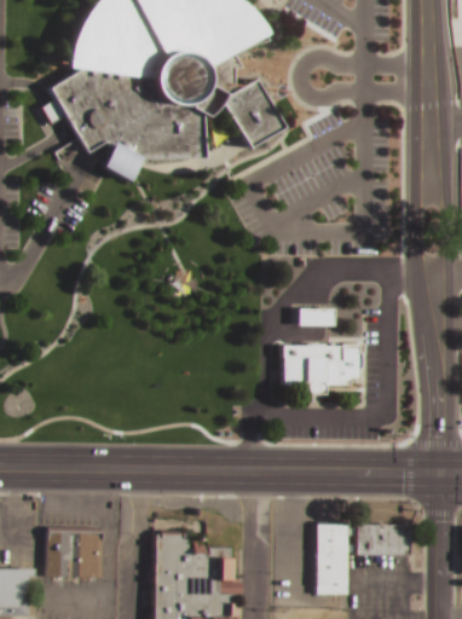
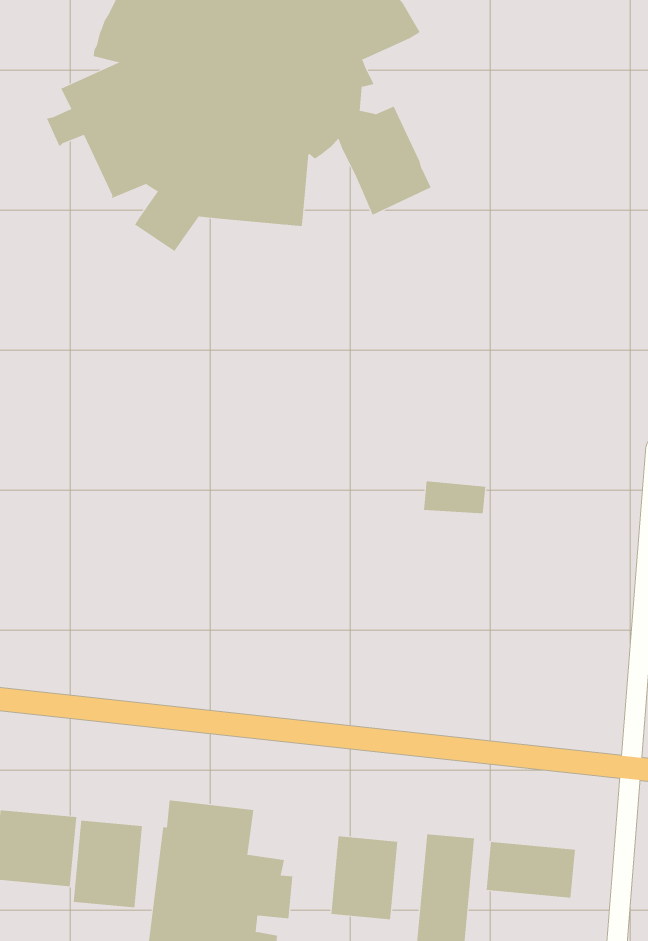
building: [281,345,362,395] -> none
building: none -> [331,836,398,920]
building: none -> [73,820,143,908]

